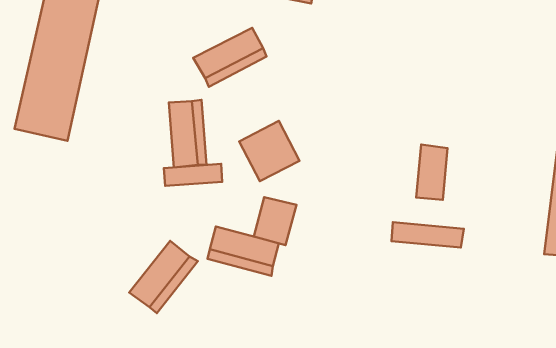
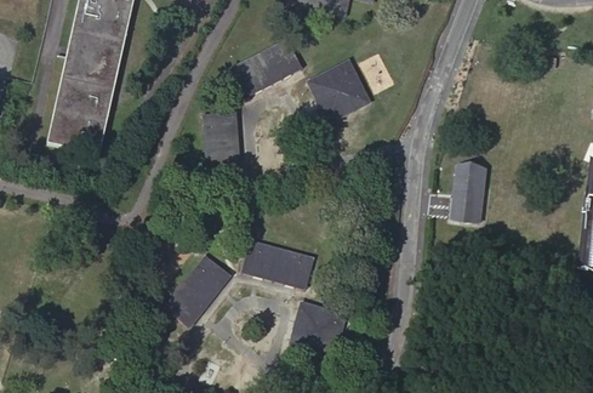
building: [239,121,299,181] -> [308,61,369,121]
building: [164,164,222,186] -> none
building: [254,197,297,245] -> none
building: [391,222,464,248] -> none
building: none -> [290,302,343,357]

